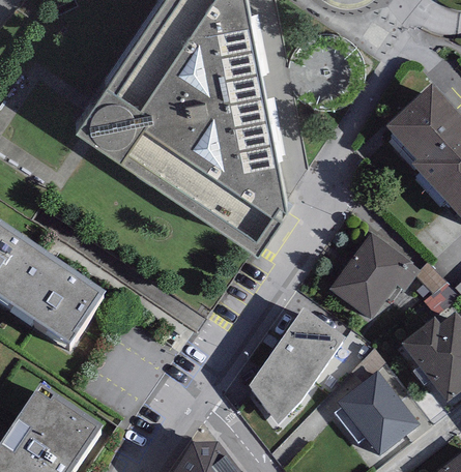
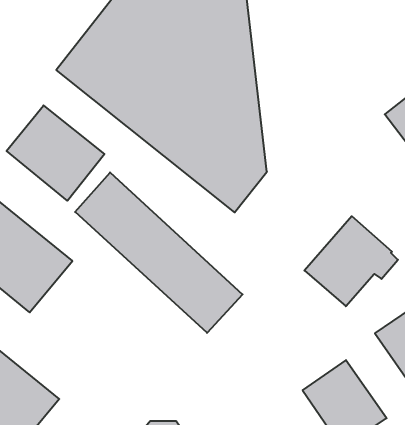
building: none -> [7,105,104,201]
building: none -> [75,172,243,333]
building: [249,311,343,427] -> none

